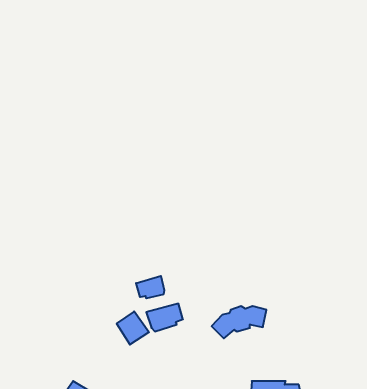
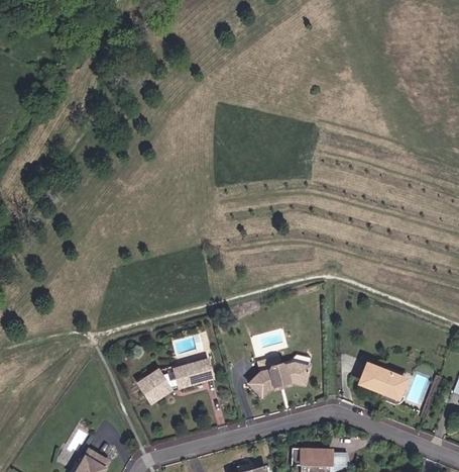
building: [136,276,164,298] -> none
building: none -> [357,360,407,402]

